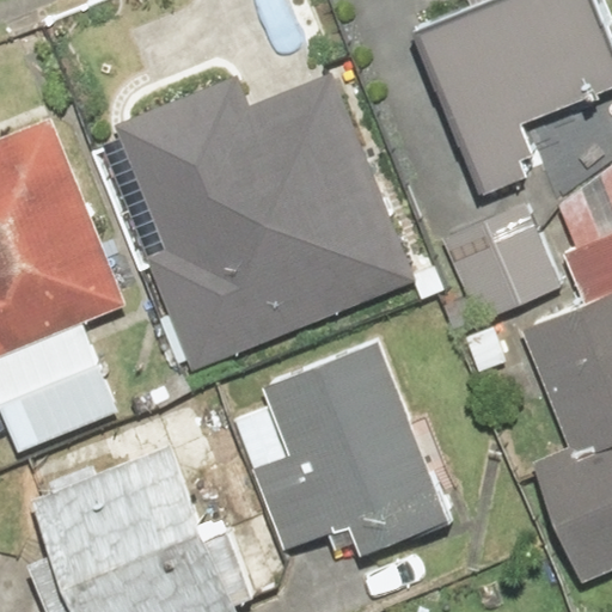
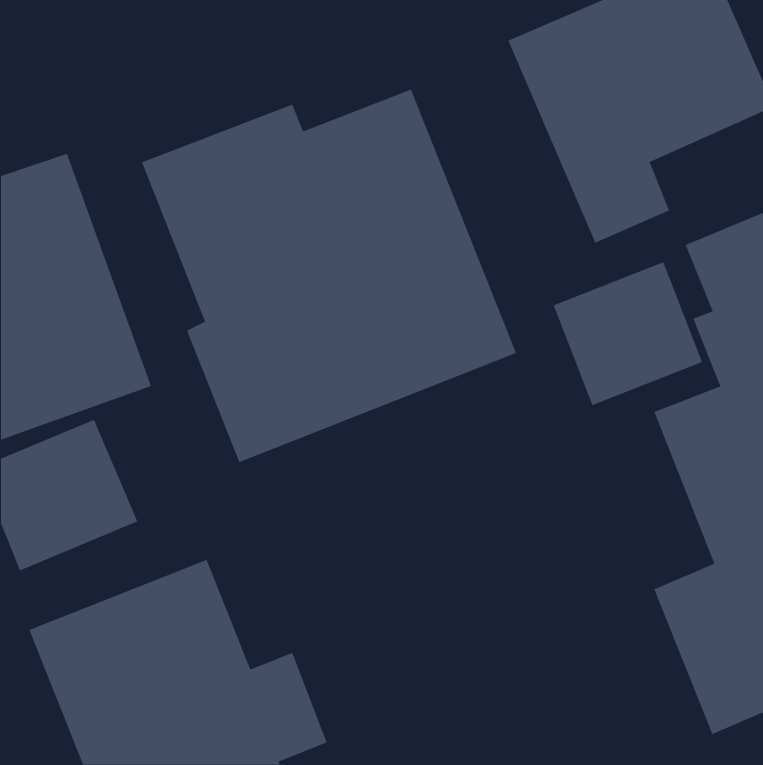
building: [255,343,442,555] -> none

